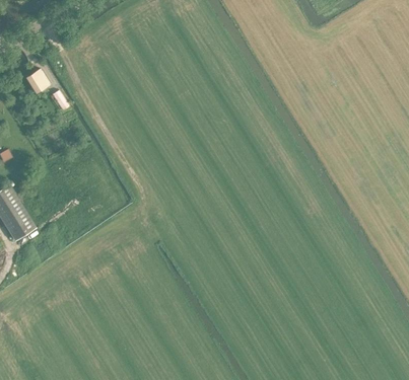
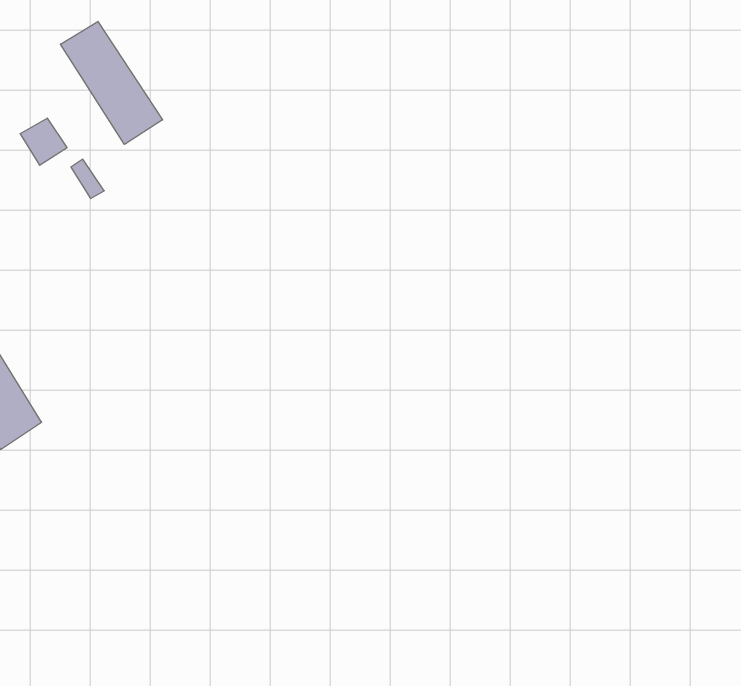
building: none -> [60,21,163,144]

